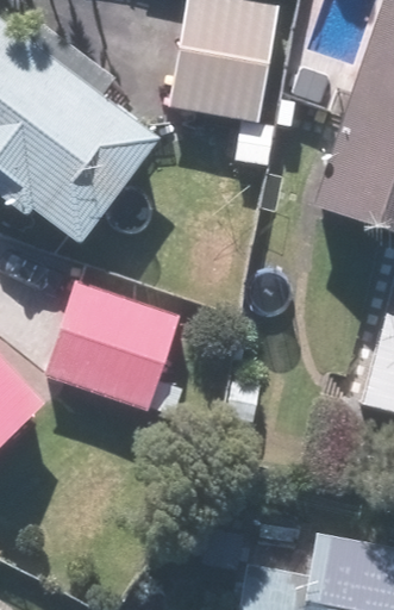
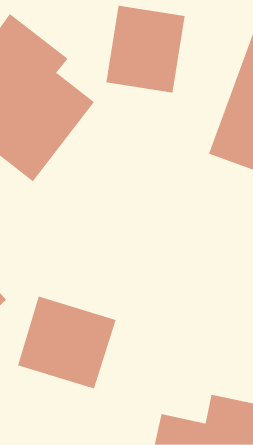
building: [44,282,179,409] -> [17,296,116,389]

